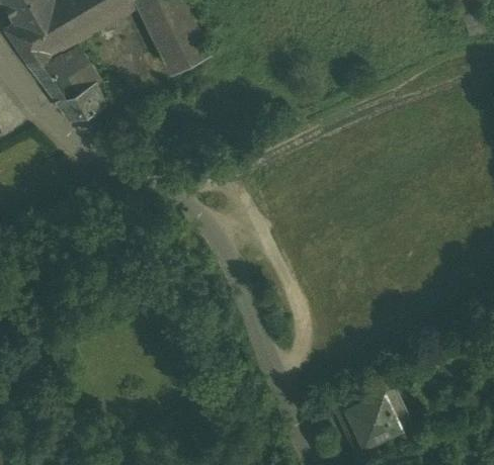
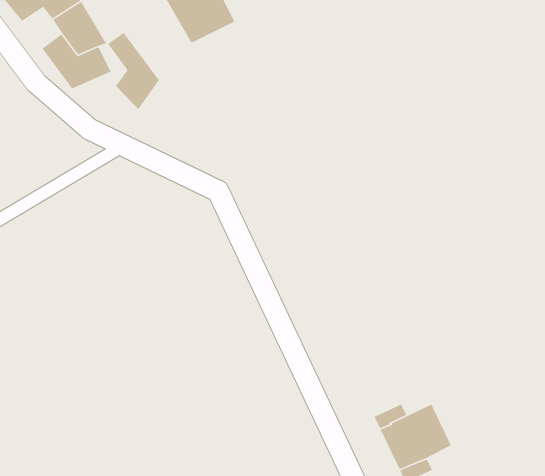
building: [29,52,64,87] -> none
building: none -> [107,32,160,110]

